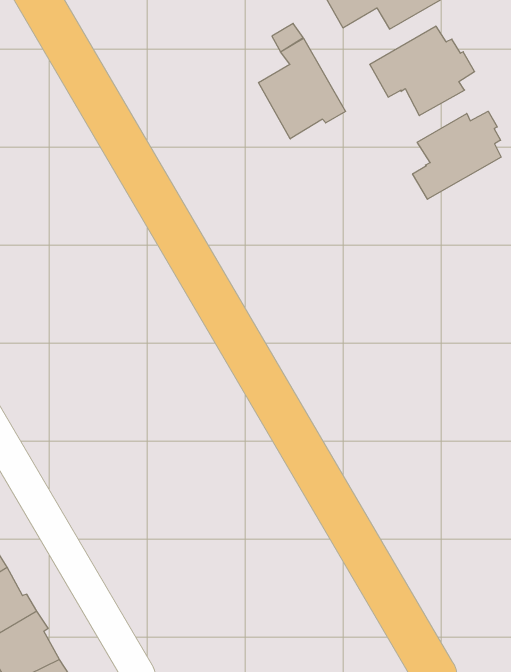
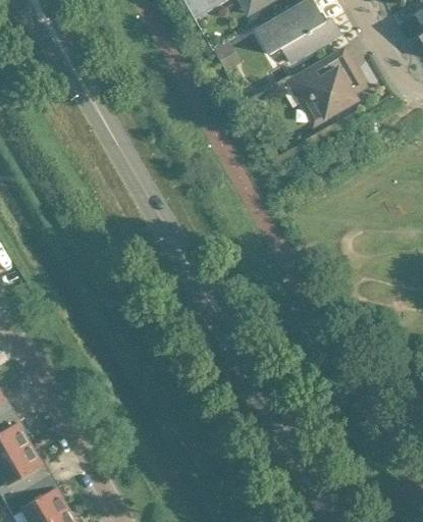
building: [259,38,346,139] -> none
building: [413,111,501,199] -> none

